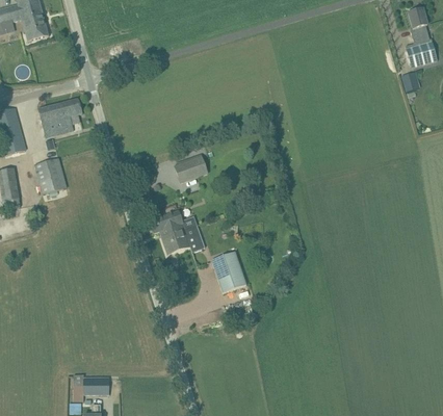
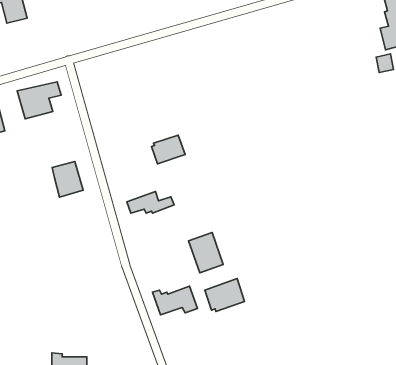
building: [35,158,67,194] -> [52,161,83,197]
building: [159,225,205,254] -> [152,286,198,315]
building: none -> [205,279,244,312]

